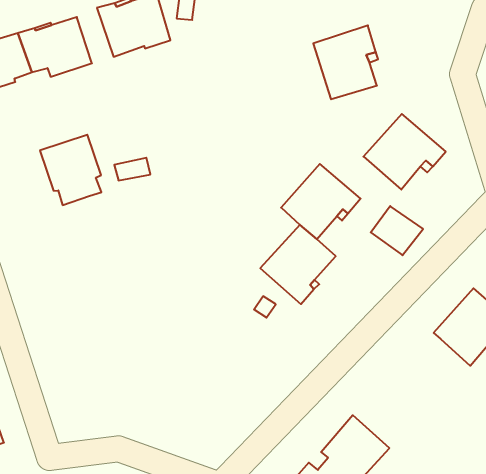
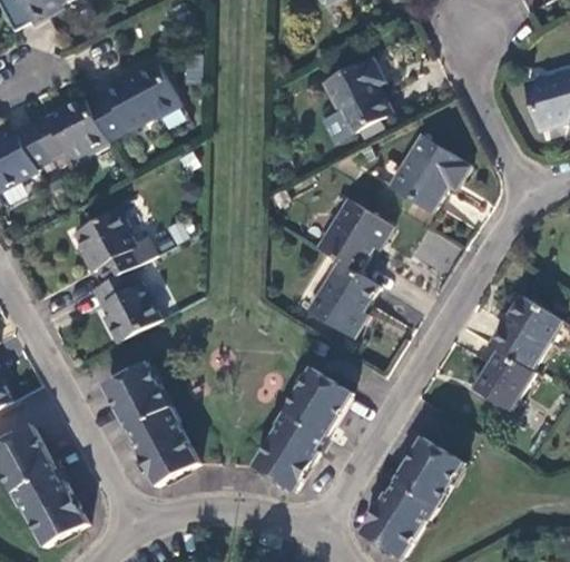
building: none -> [92,268,161,342]
building: none -> [106,364,198,485]
building: none -> [254,369,351,492]
building: none -> [470,347,531,410]

